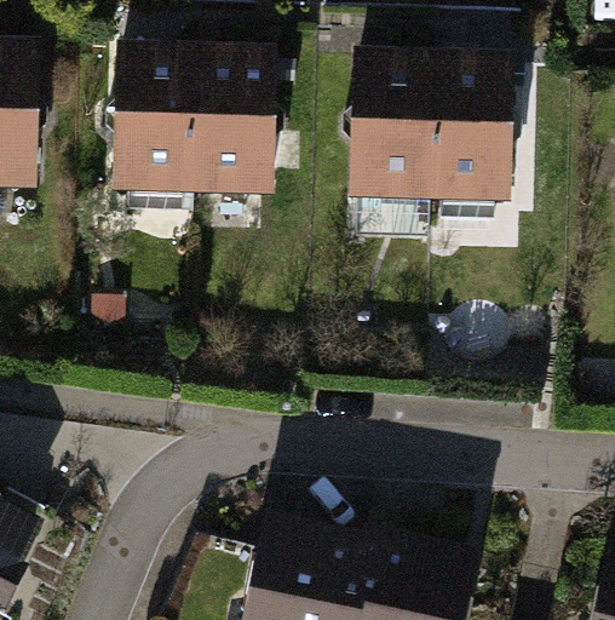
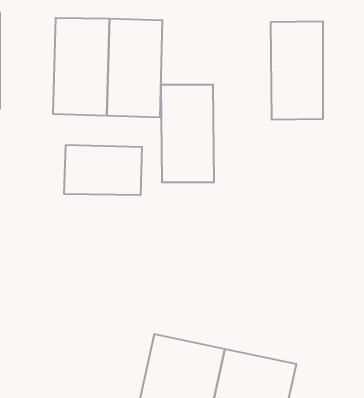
building: [357,61,435,202] -> [161,85,214,182]
building: none -> [64,145,142,195]

